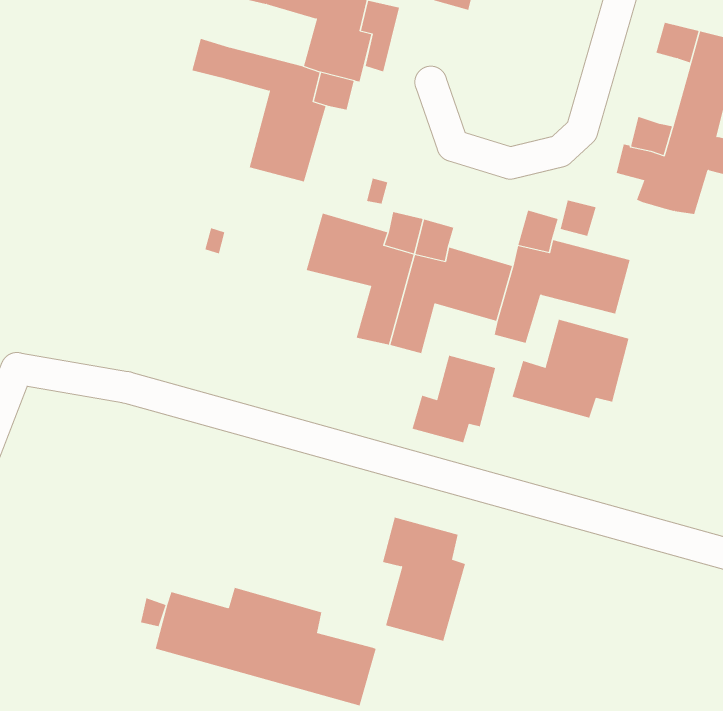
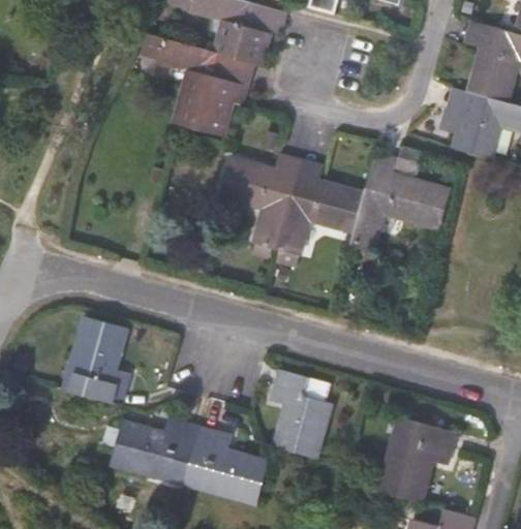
building: [512,319,629,419] -> none
building: [412,355,496,443] -> none
building: none -> [65,316,129,404]
building: none -> [379,418,455,502]

